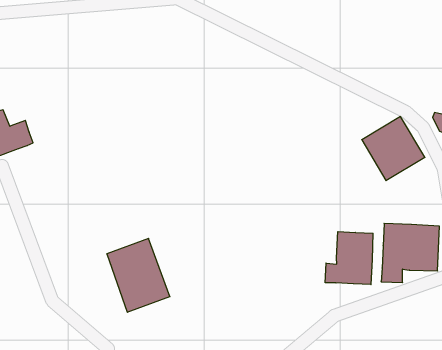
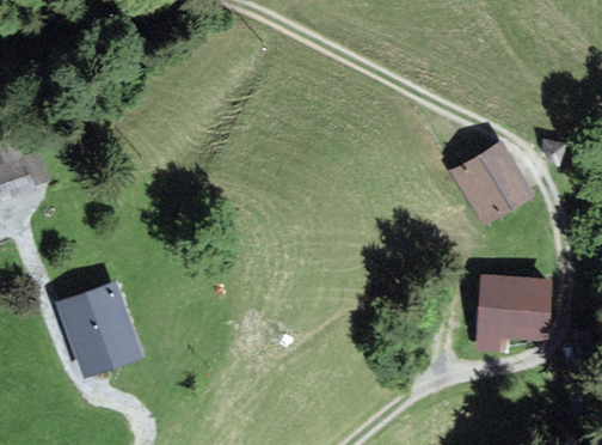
building: [325,232,373,285] -> none
building: [107,238,170,312] -> [61,282,139,373]

